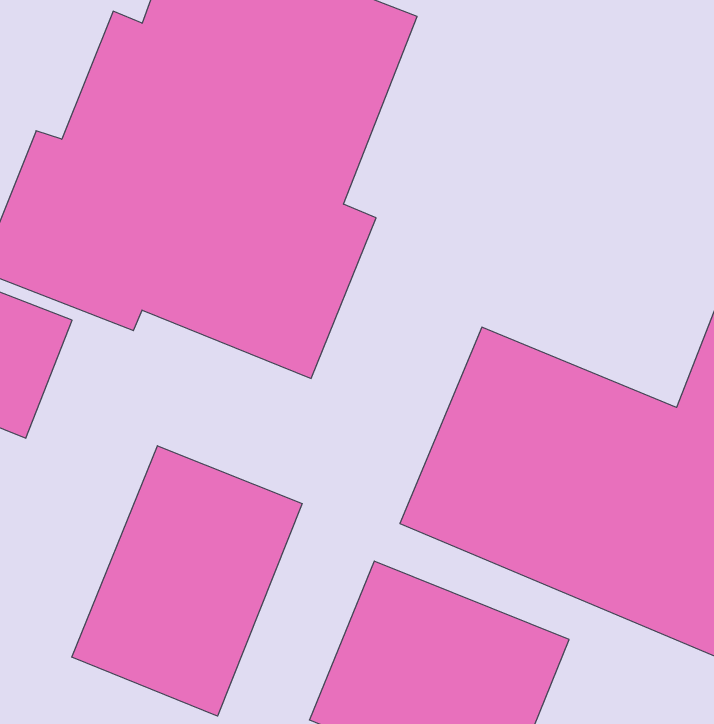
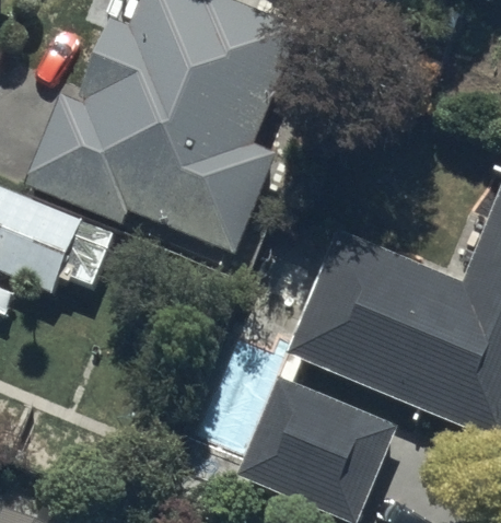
building: [72,446,302,716] -> none

